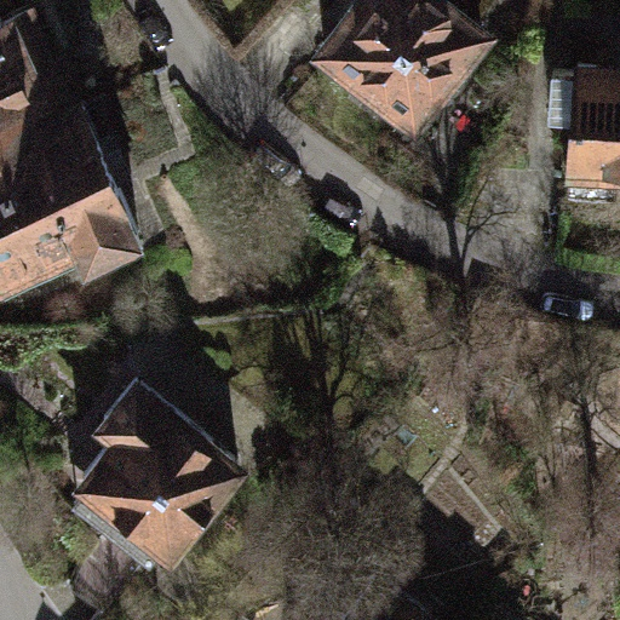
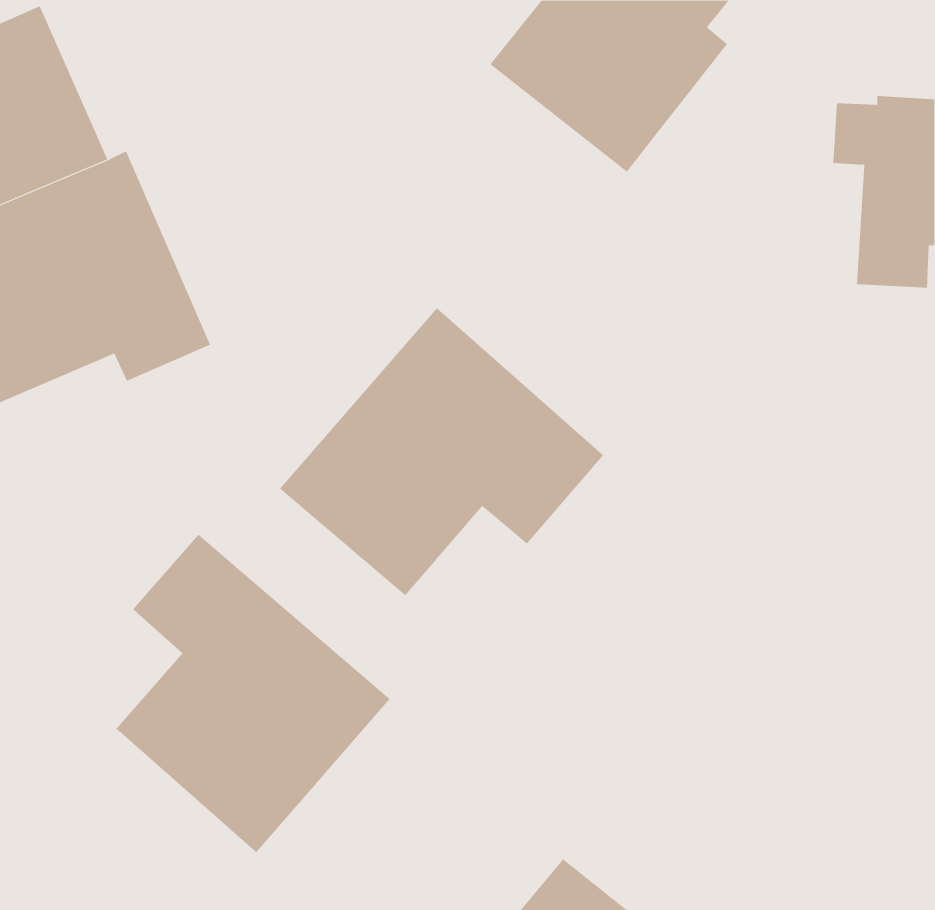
building: none -> [279,307,604,596]

